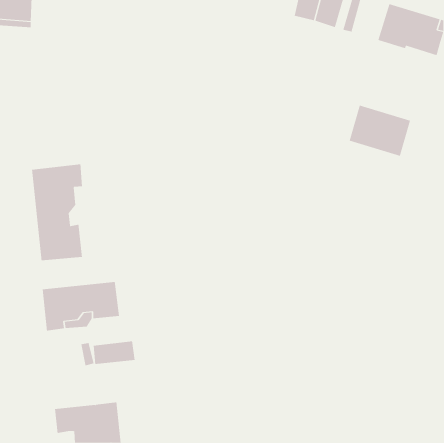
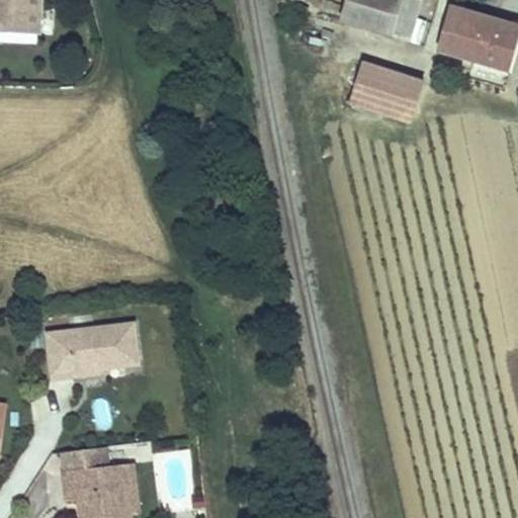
building: [349,105,411,156] -> [345,59,417,118]
building: [31,164,83,261] -> none
building: [93,341,136,365] -> [61,446,110,473]

